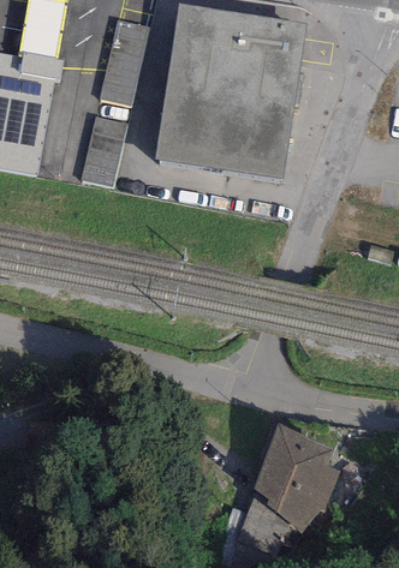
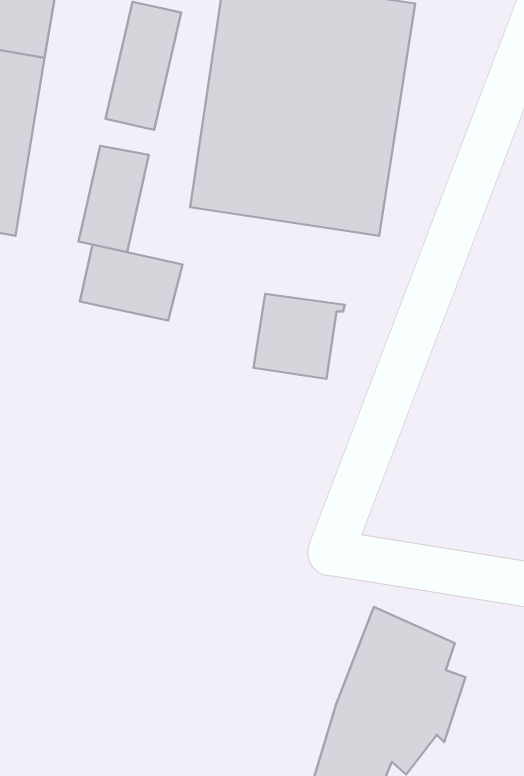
building: none -> [80,244,182,321]
building: none -> [253,294,345,379]

